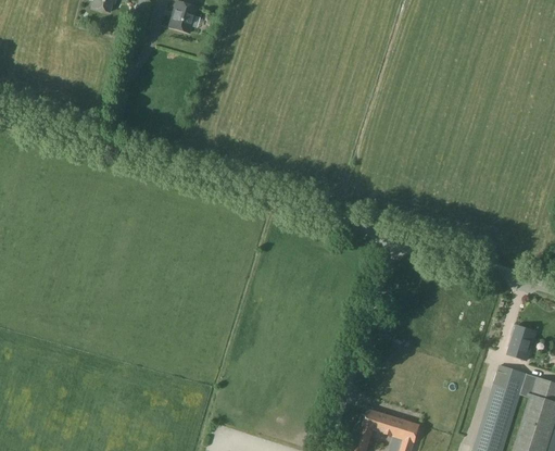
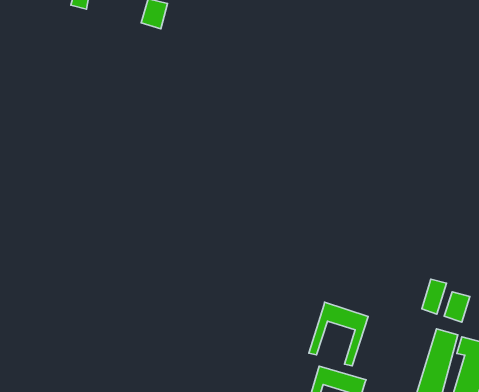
building: none -> [422,279,446,314]
building: none -> [309,302,368,366]

